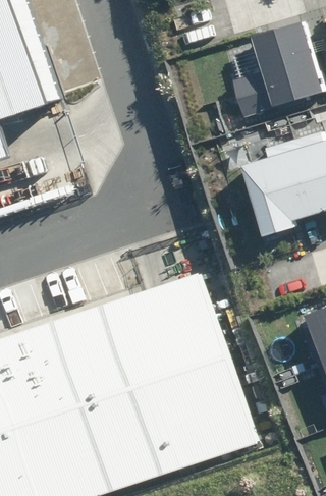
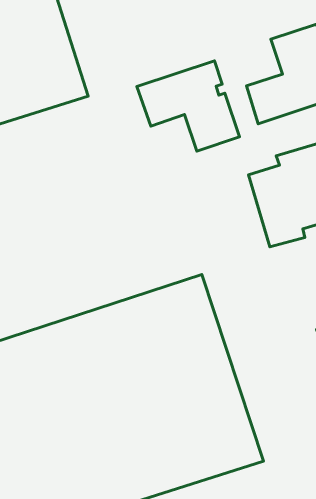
building: none -> [137,61,239,151]

